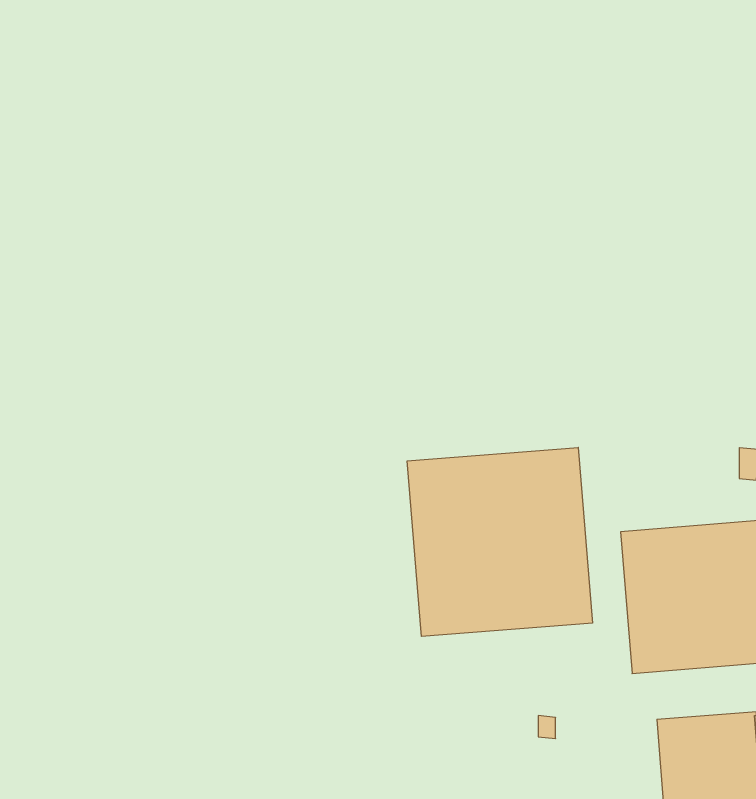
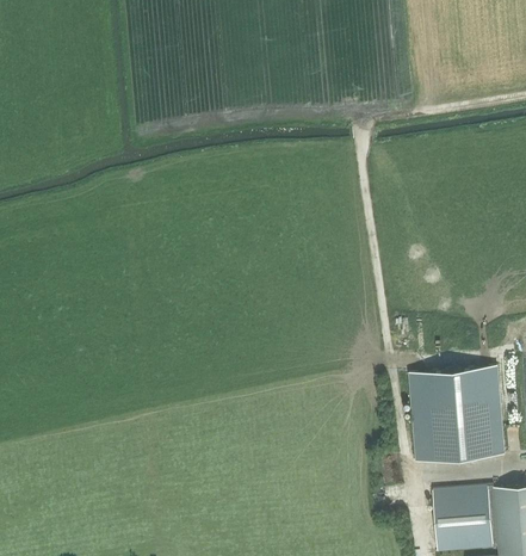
building: [407,447,592,636] -> none

